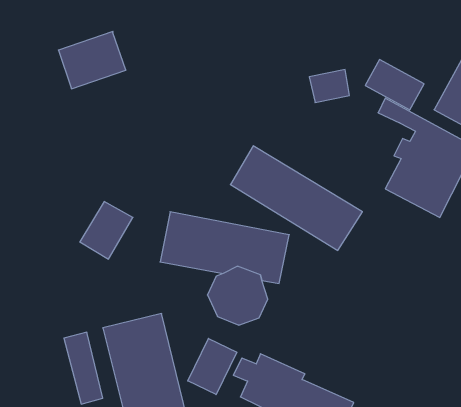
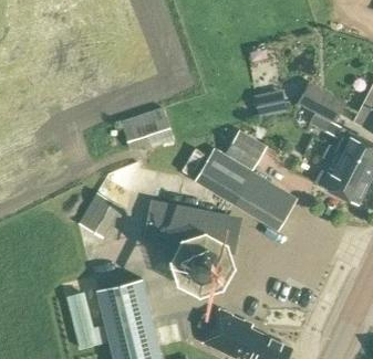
building: [58,31,126,89] -> [121,107,173,151]
building: none -> [224,130,265,170]
building: [188,338,237,395] -> none

